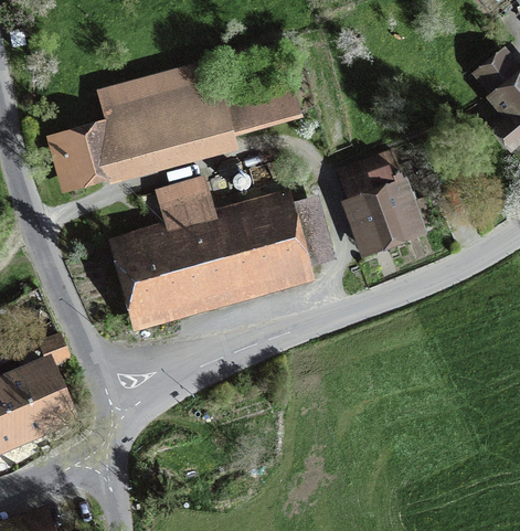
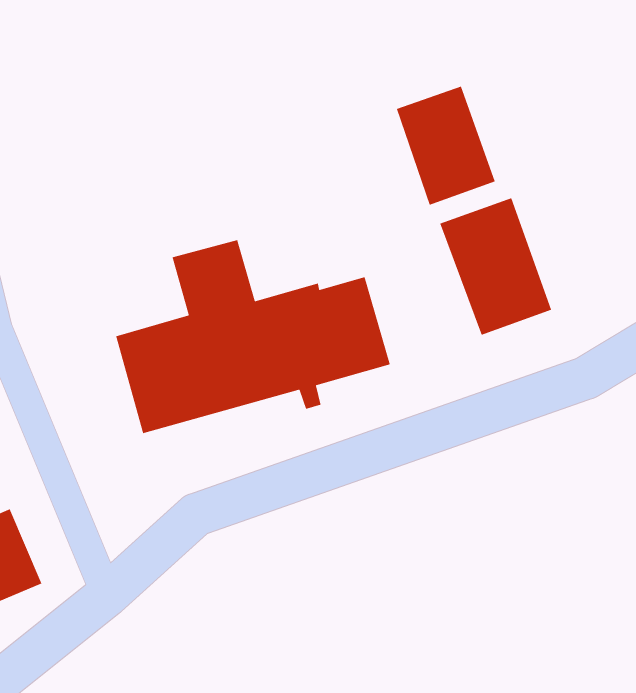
building: [56,68,295,184] -> none
building: none -> [396,86,496,206]

